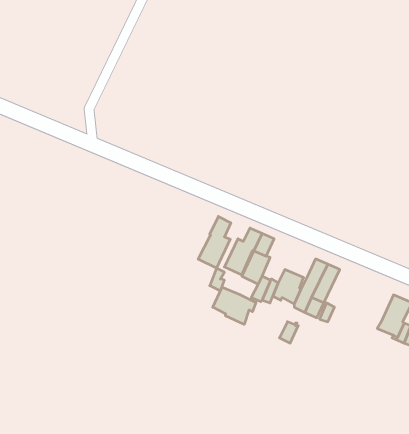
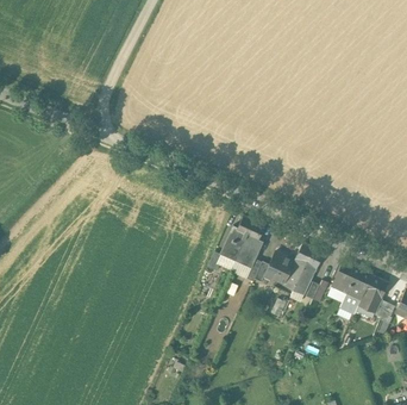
building: [198,216,231,268] -> none
building: none -> [331,261,371,299]
building: [213,287,256,324] -> none

